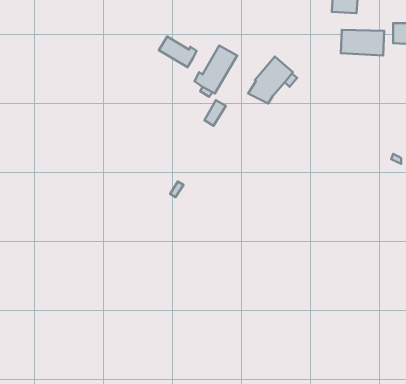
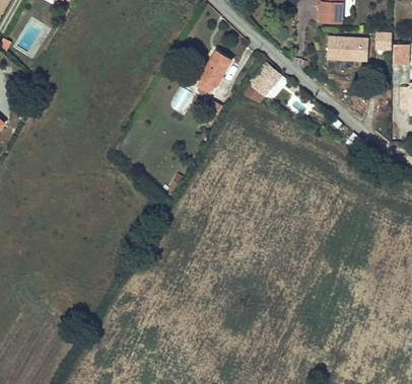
building: [159,37,197,67] -> none

